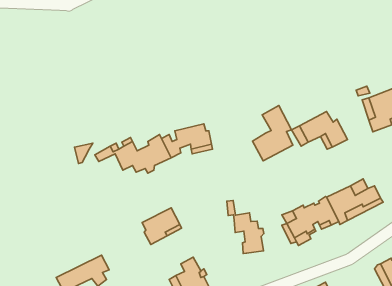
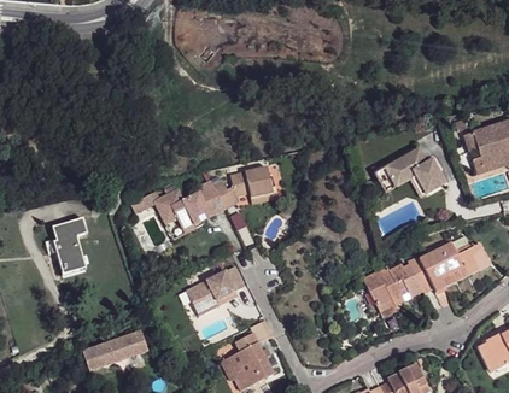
building: [253,106,293,161] -> none
building: none -> [54,218,89,275]
building: [227,201,264,254] -> none

